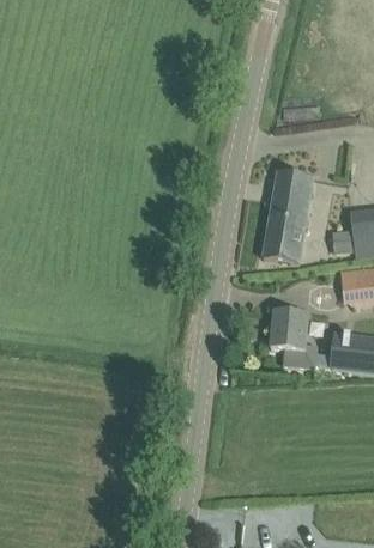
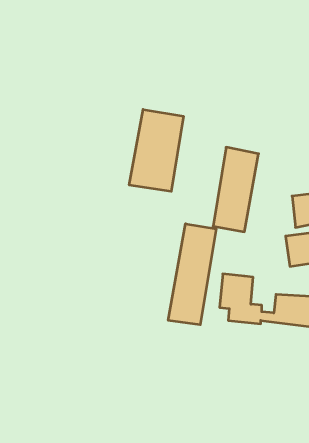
building: none -> [129,109,183,191]
building: none -> [168,224,216,325]

